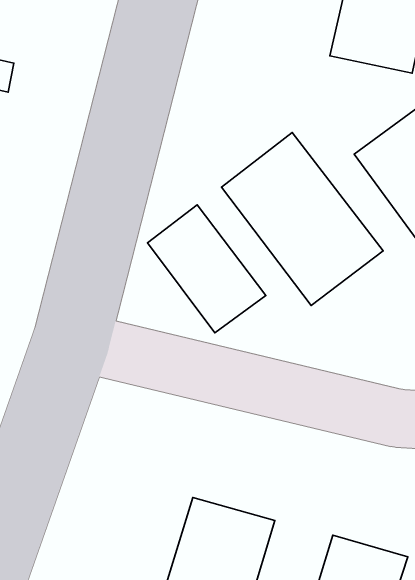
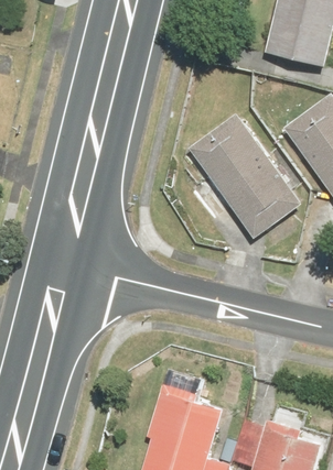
building: [148,205,266,333] -> none

